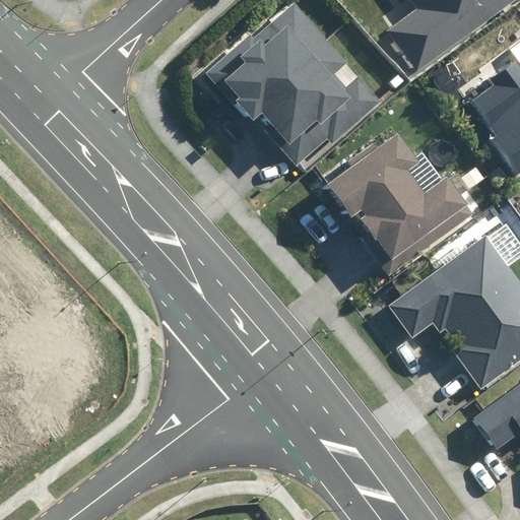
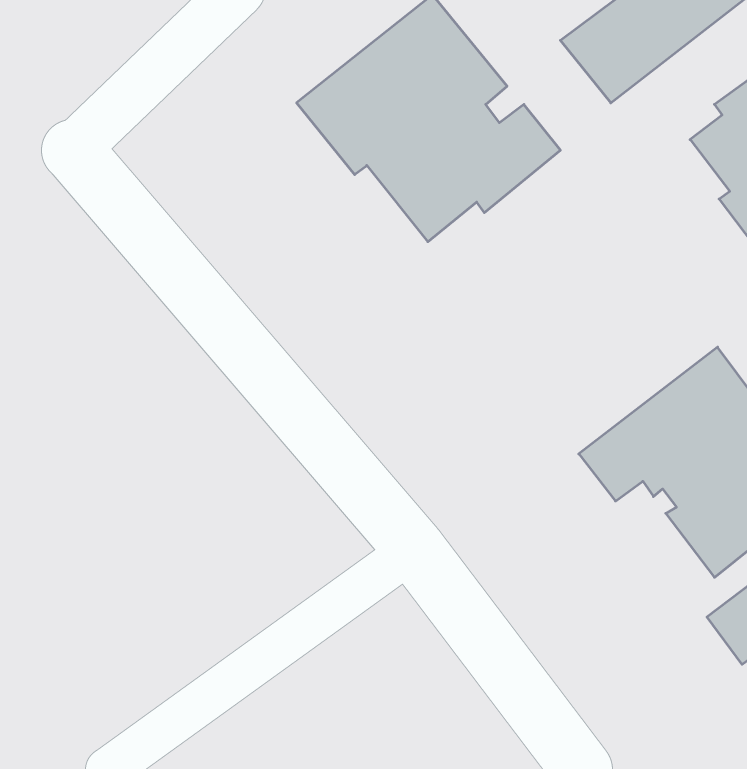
building: [318,123,474,277] -> none

